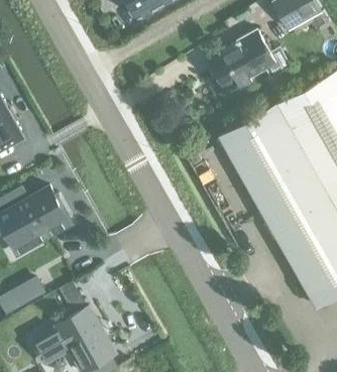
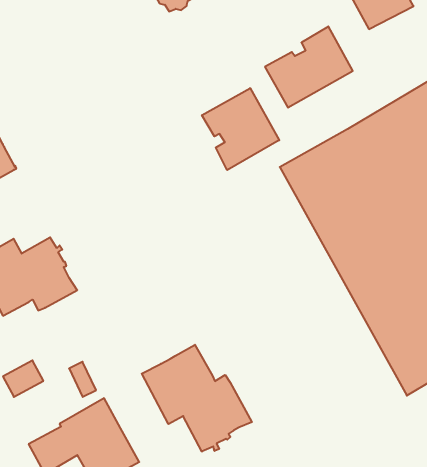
building: none -> [202,88,279,170]
building: none -> [142,345,252,452]

